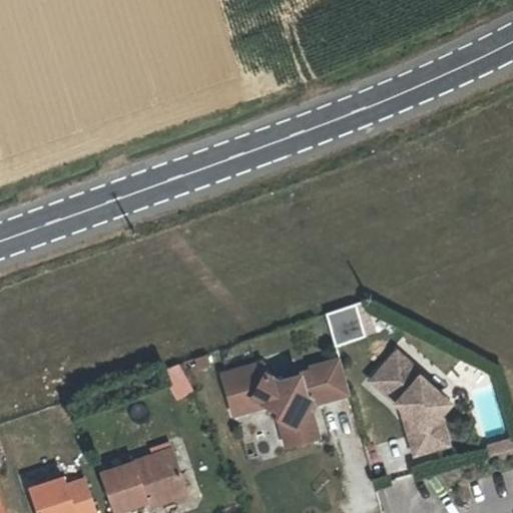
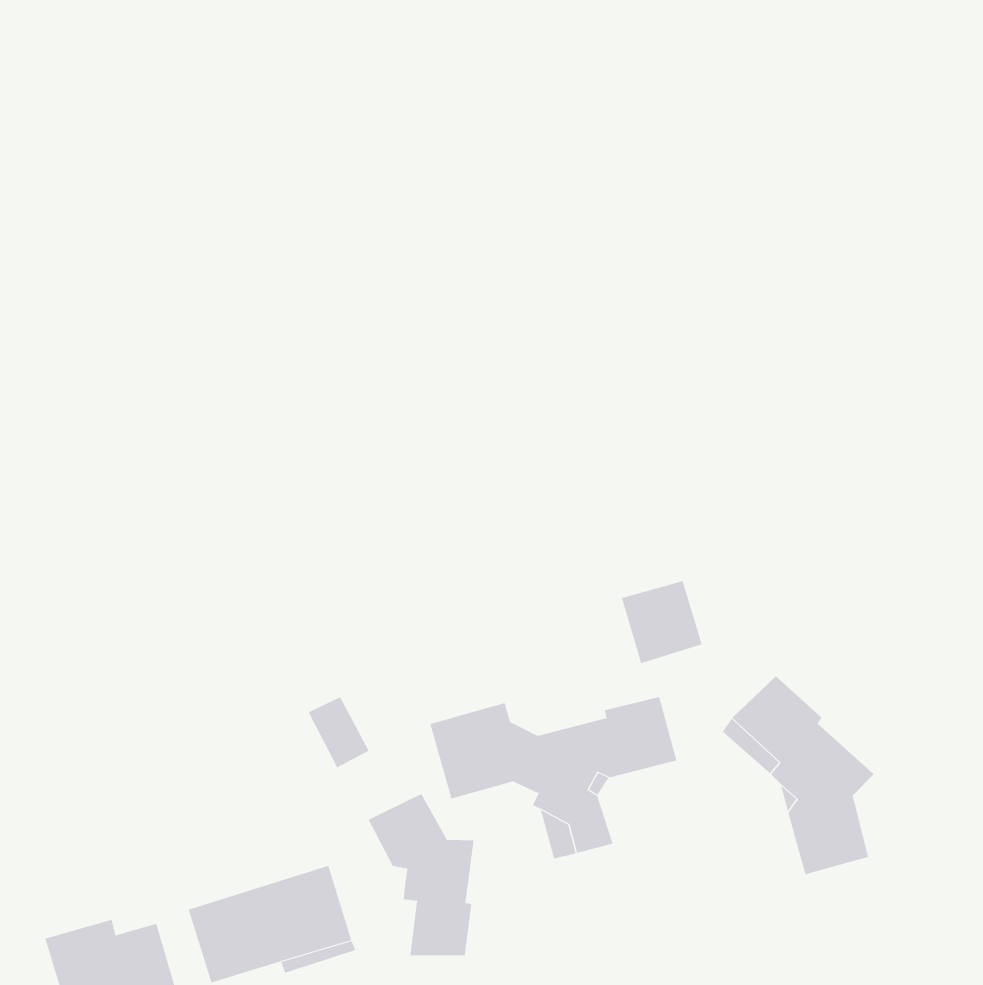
building: none -> [368,793,474,956]

